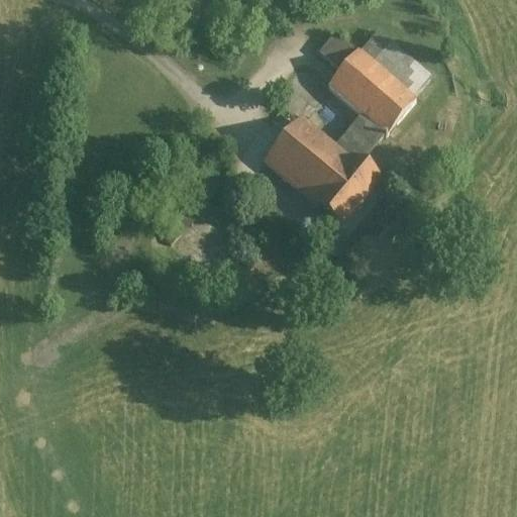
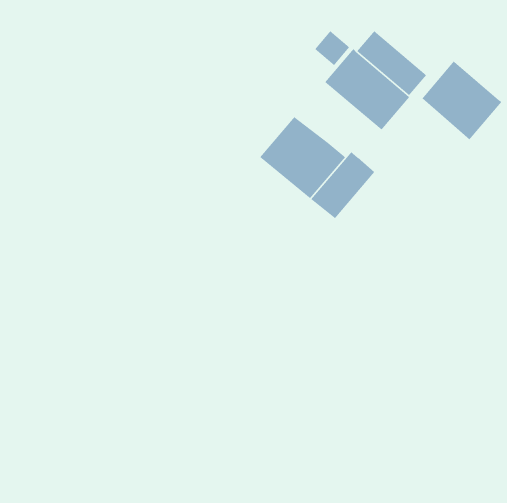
building: none -> [421,61,503,140]
building: [331,110,385,159] -> none

